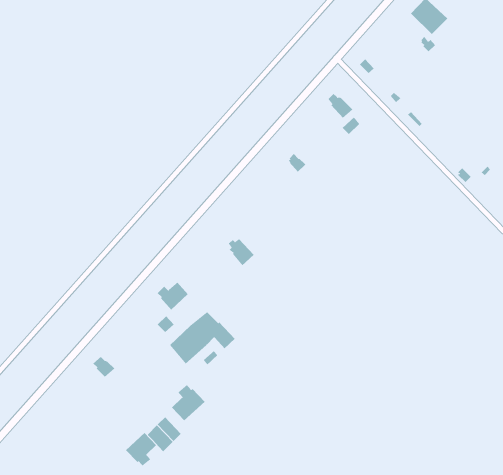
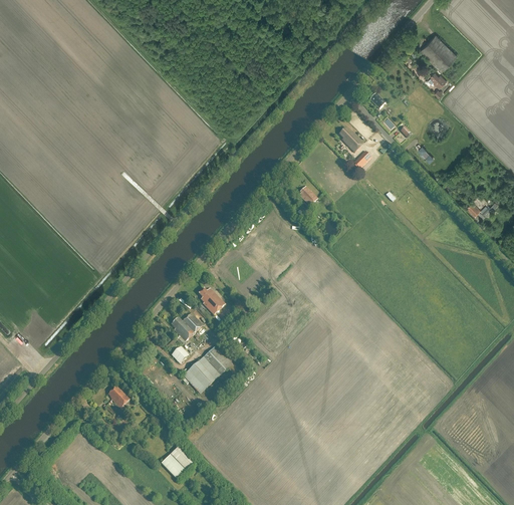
building: [228,239,254,266] -> [199,288,225,315]
building: [171,384,205,421] -> none
building: [125,432,157,467] -> none

